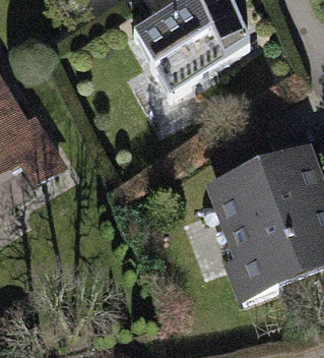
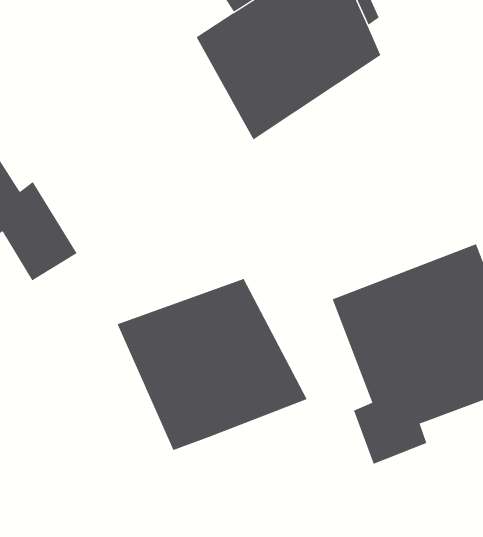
building: none -> [117,278,307,451]

